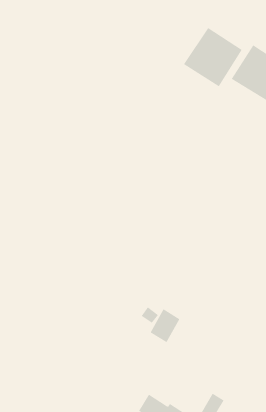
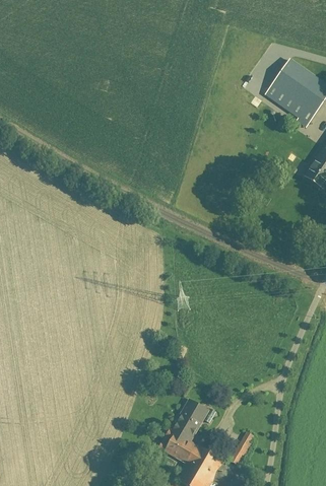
building: [183,27,242,87] -> none
building: [150,309,180,343] -> [175,398,207,434]

